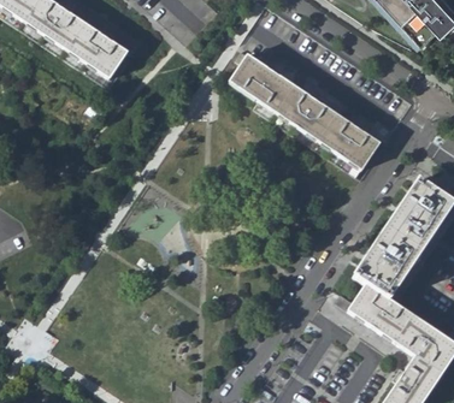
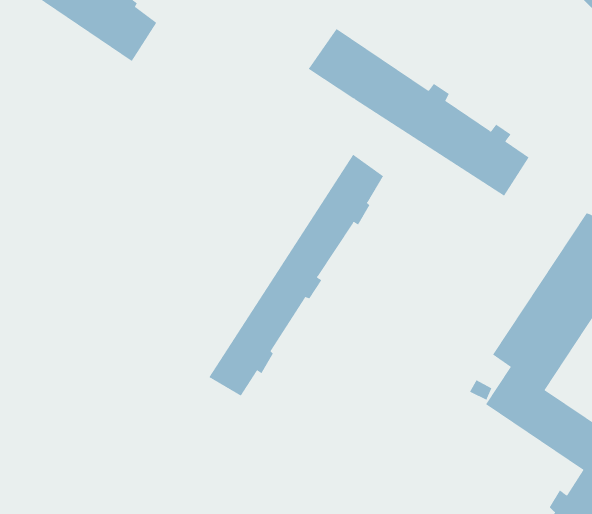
building: none -> [209,154,384,397]

